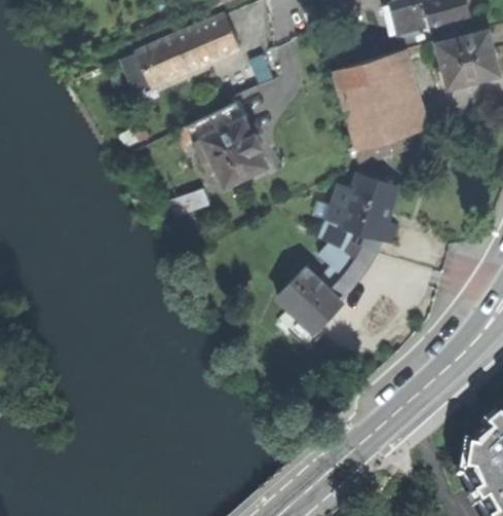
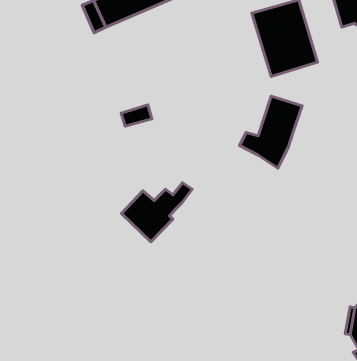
building: [184,103,268,185] -> none
building: [279,257,369,332] -> [122,183,192,242]

